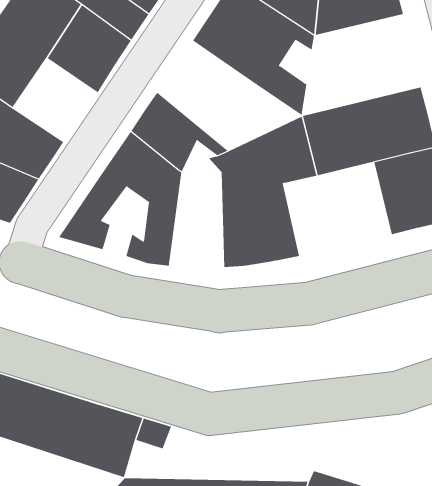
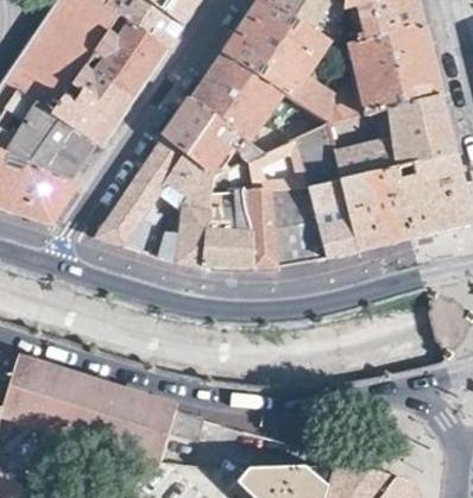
building: none -> [327,26,440,122]
building: none -> [189,51,299,156]
building: none -> [52,68,133,147]
building: none -> [201,163,252,266]
building: none -> [309,166,411,256]

